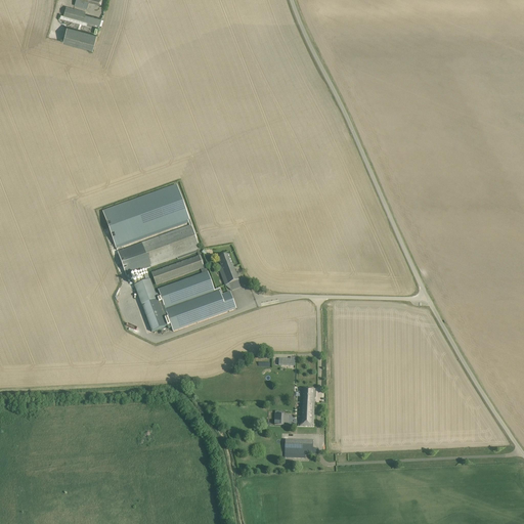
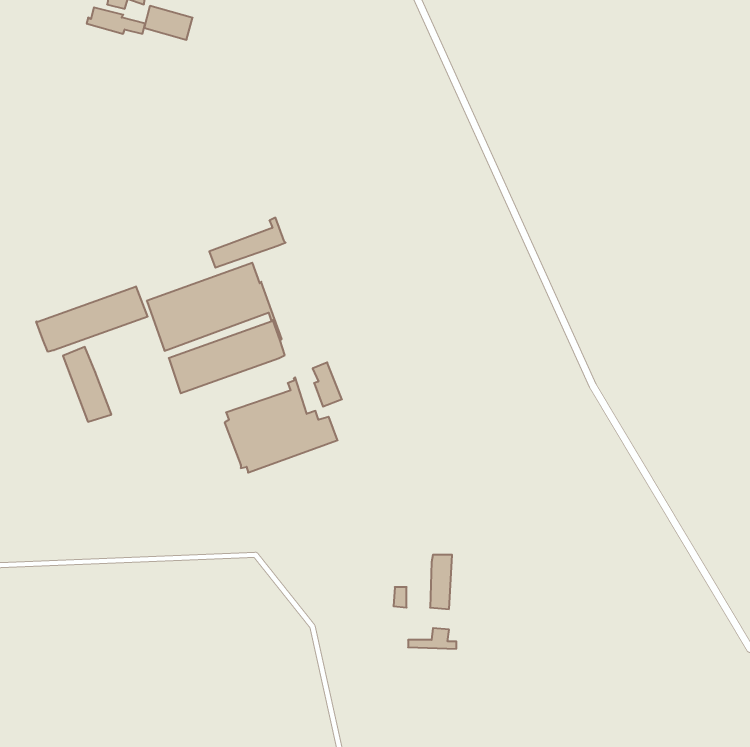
building: [62,25,96,48] -> [144,6,193,40]
building: none -> [36,286,148,352]
building: [152,248,206,282] -> [209,218,286,268]
building: [134,277,168,330] -> [63,347,111,422]

